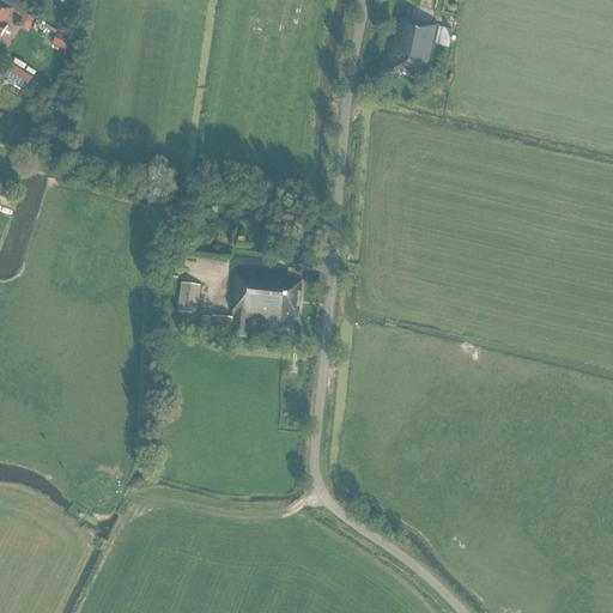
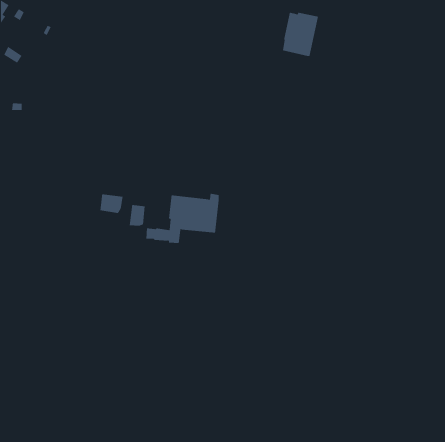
building: none -> [100,193,123,214]

